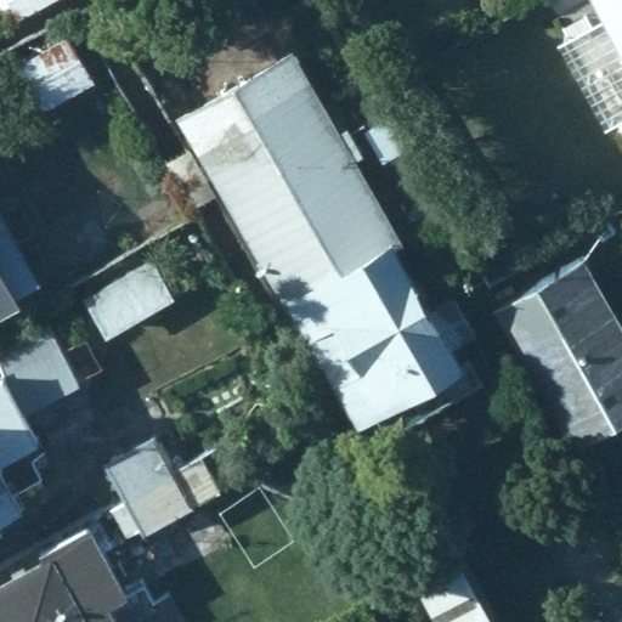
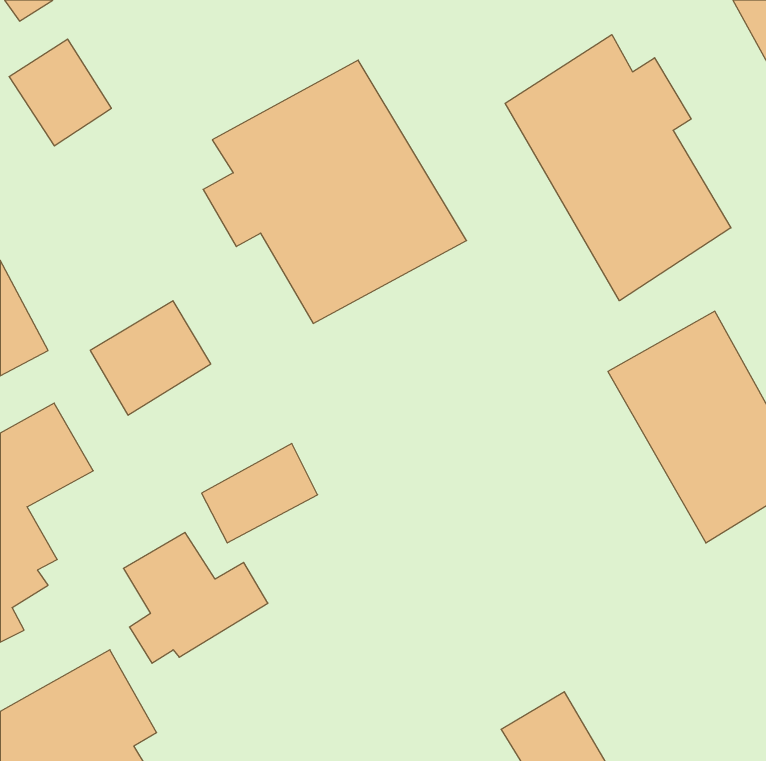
building: none -> [505,35,731,301]
building: [255,200,474,447] -> none

